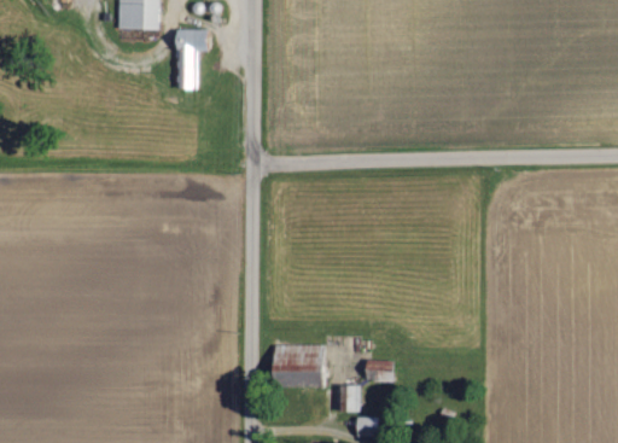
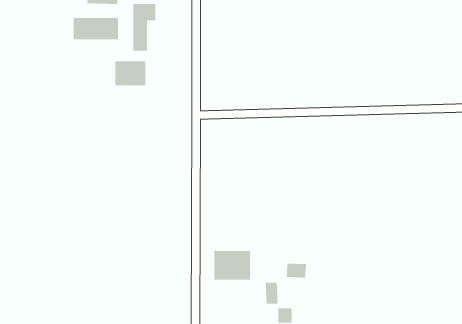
building: none -> [73,17,119,40]
building: none -> [115,61,146,86]

